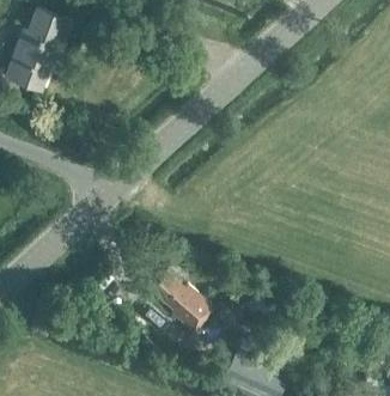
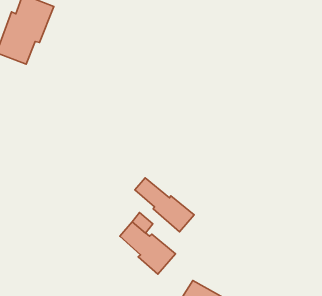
building: none -> [135,178,194,232]

